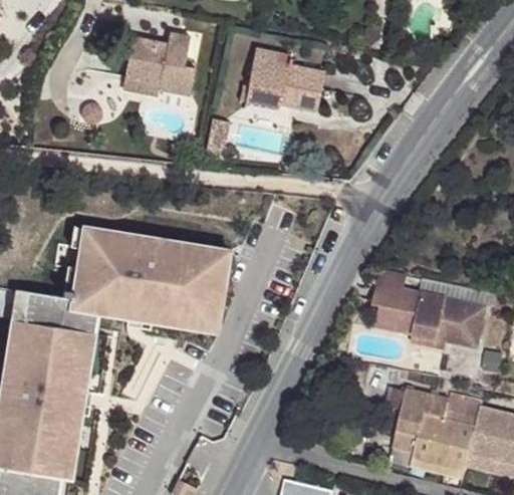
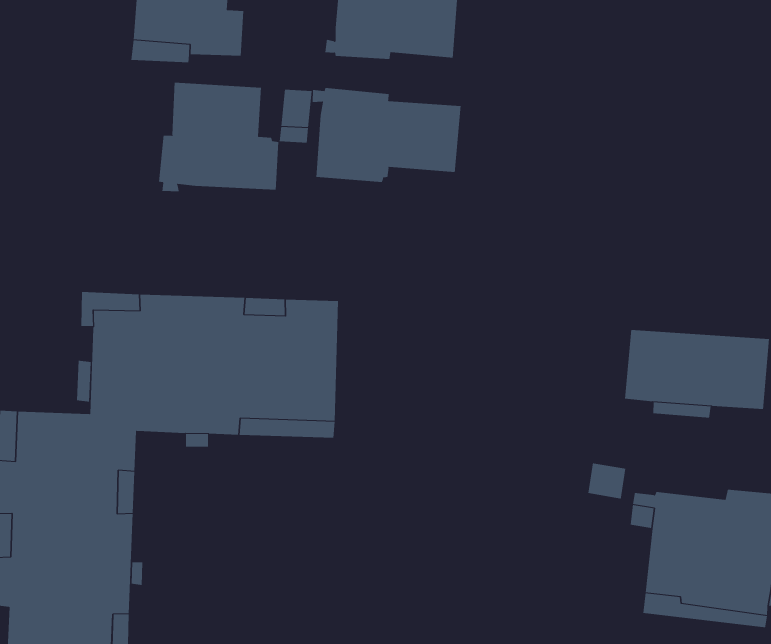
building: none -> [159,82,279,192]
building: none -> [312,87,461,183]
building: [372,269,406,329] -> none

